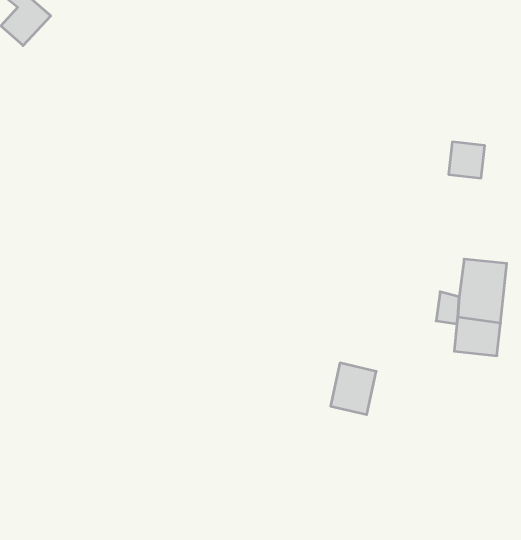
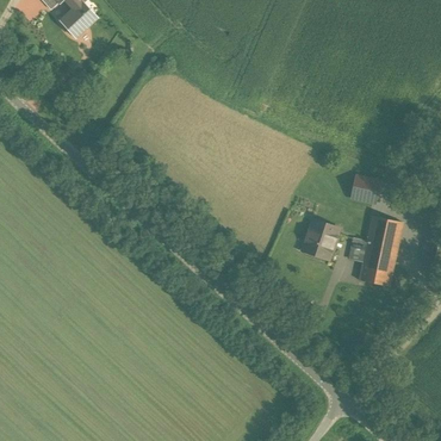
building: [449,142,485,178] -> [352,176,379,204]
building: [331,363,376,415] -> [304,219,338,257]

